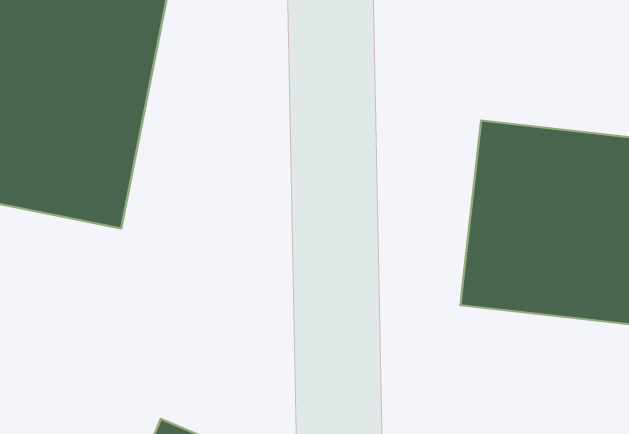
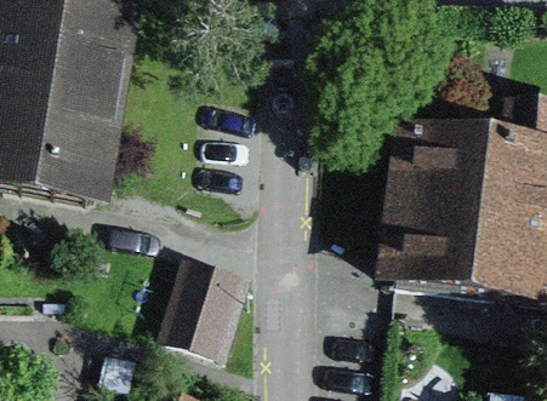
building: none -> [154,253,247,355]

